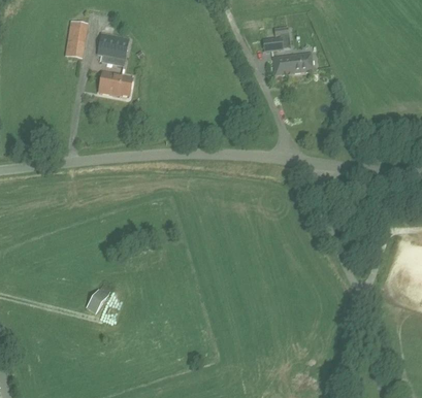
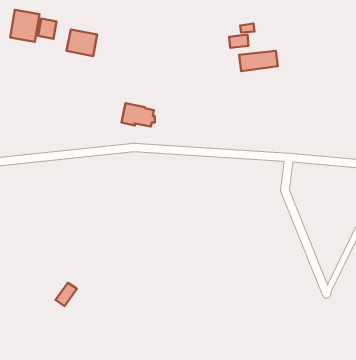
building: none -> [10,10,40,42]
building: [98,72,132,96] -> [121,103,155,126]

